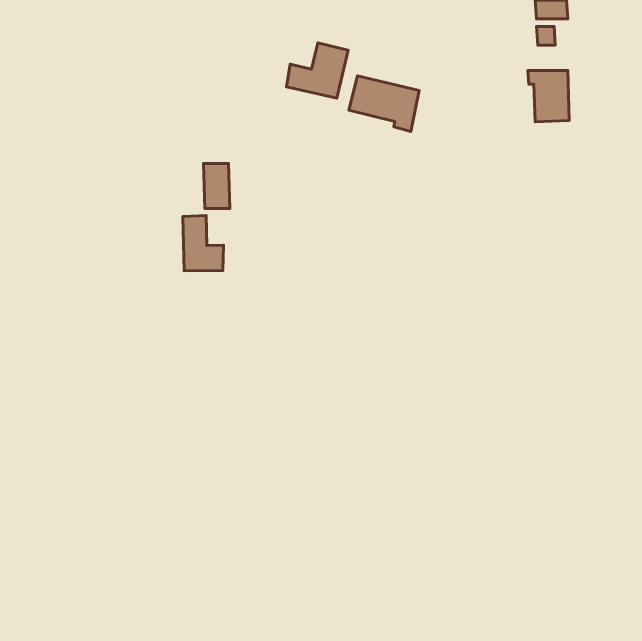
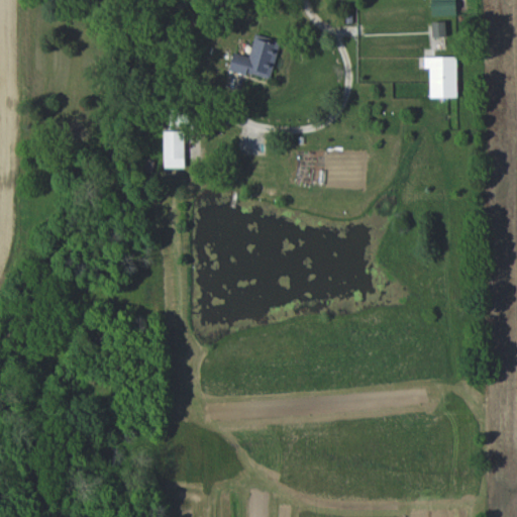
building: [349,76,419,132] -> none
building: [183,215,223,271] -> none

